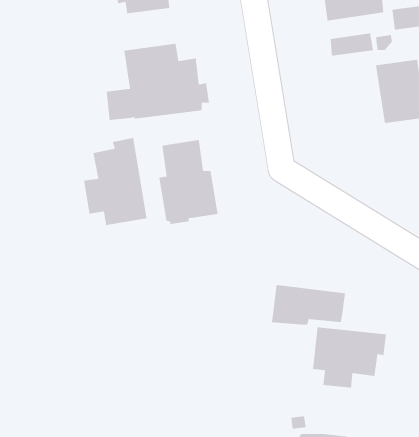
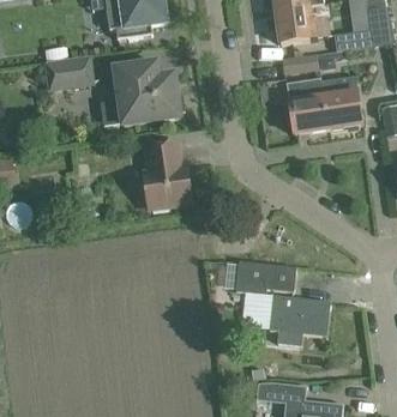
building: none -> [44,55,92,89]
building: none -> [288,78,327,134]
building: [84,137,147,226] -> none

